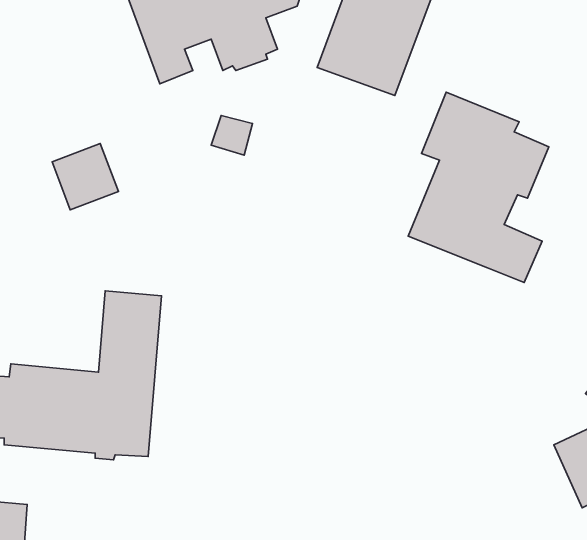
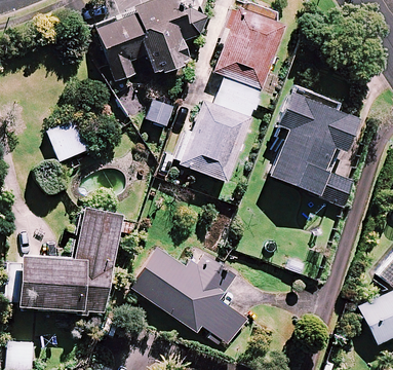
building: none -> [179,72,261,182]
building: none -> [131,249,246,346]

